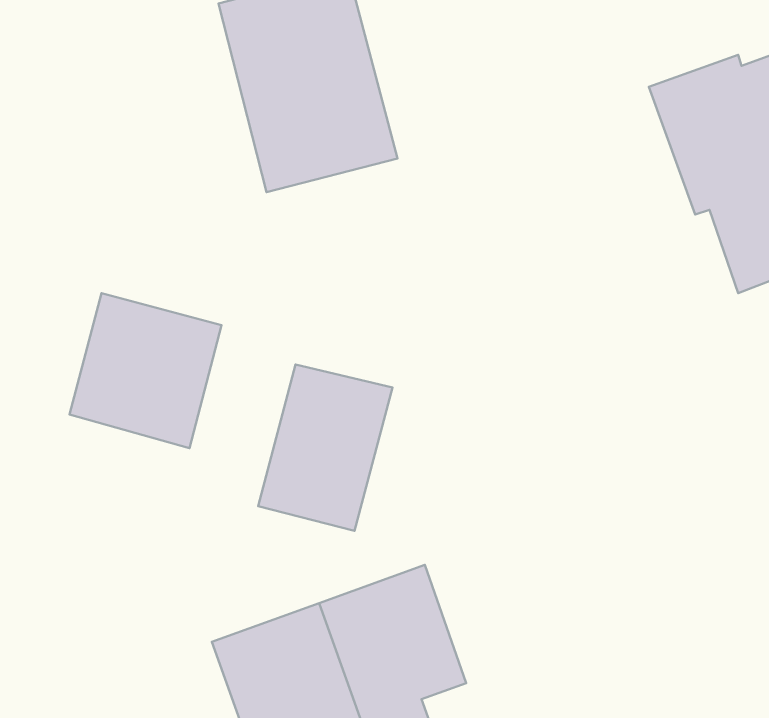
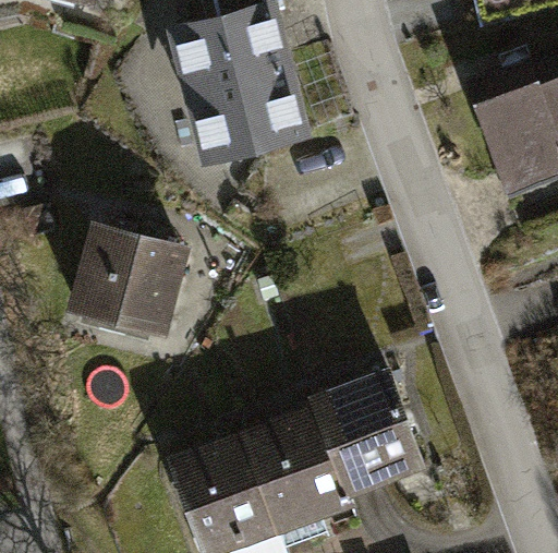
building: [258,364,393,531] -> none
building: none -> [312,376,415,494]

